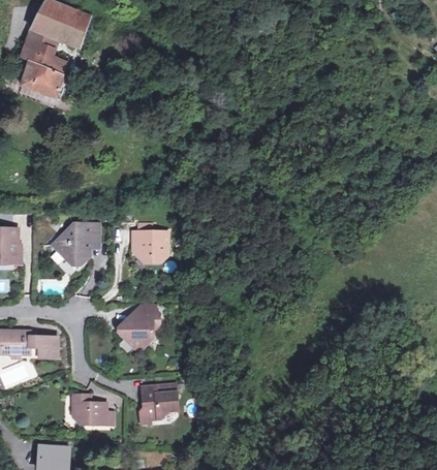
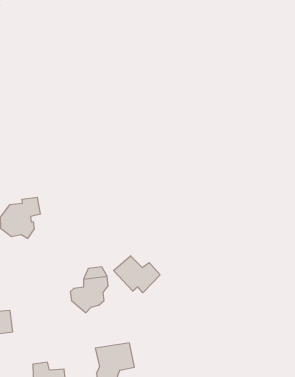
building: [134,229,169,261] -> none
building: none -> [114,256,160,293]

